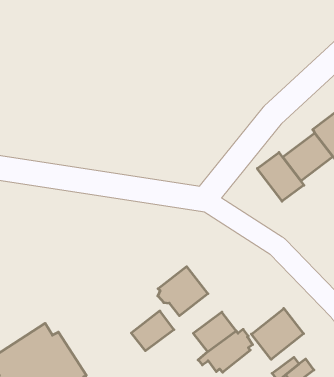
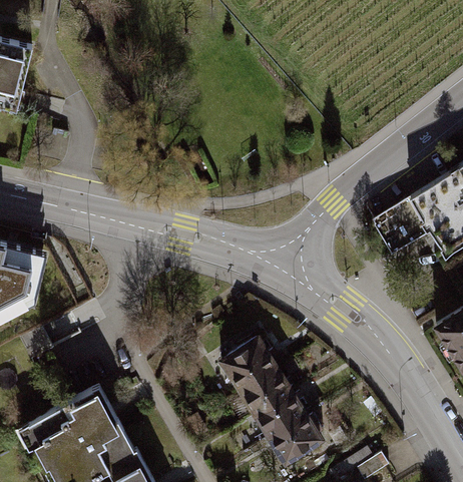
building: [257,152,304,201] -> none
building: [251,308,304,359] -> none
building: [131,311,174,351] -> [244,371,292,414]

